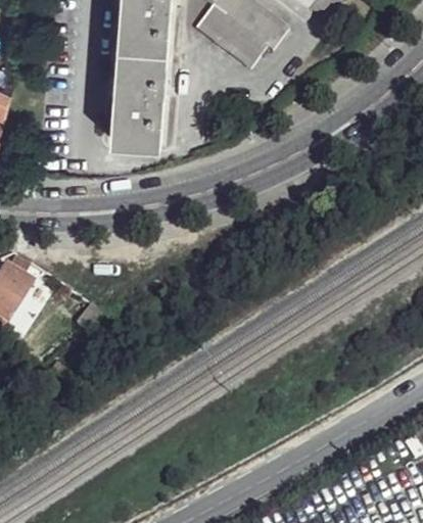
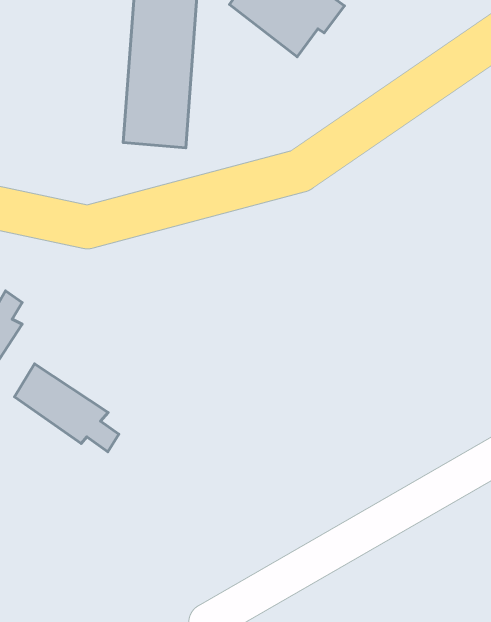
building: none -> [14,364,119,452]

